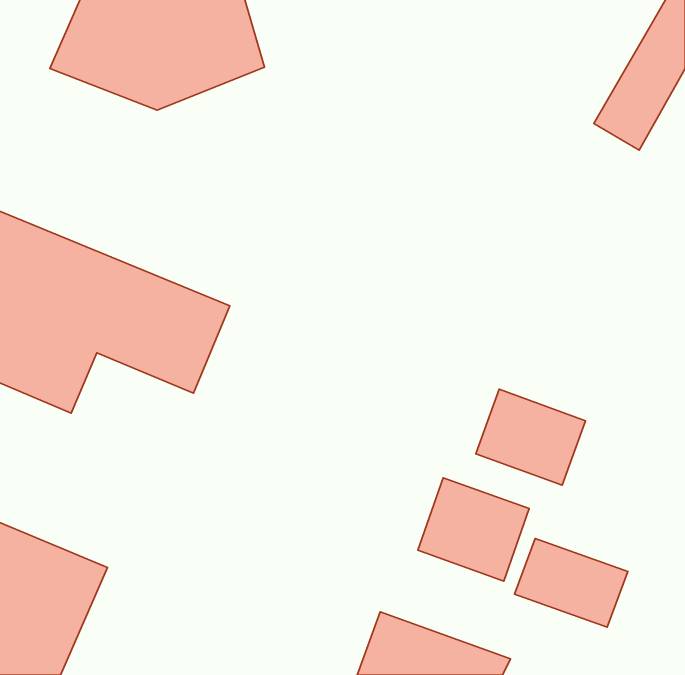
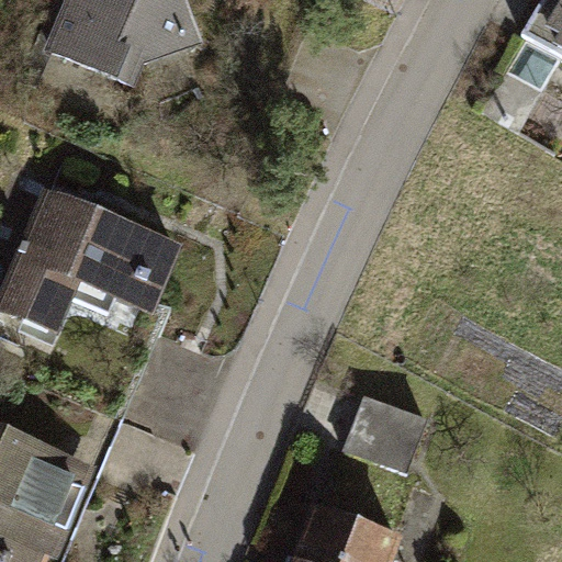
building: [476,389,585,485] -> none
building: [515,538,628,627] -> none

